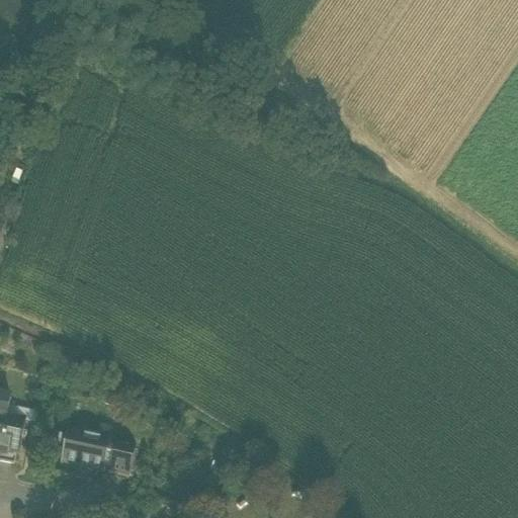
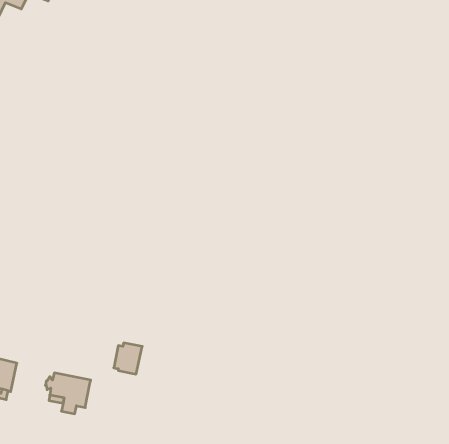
building: [97,434,130,469] -> [114,343,142,374]

